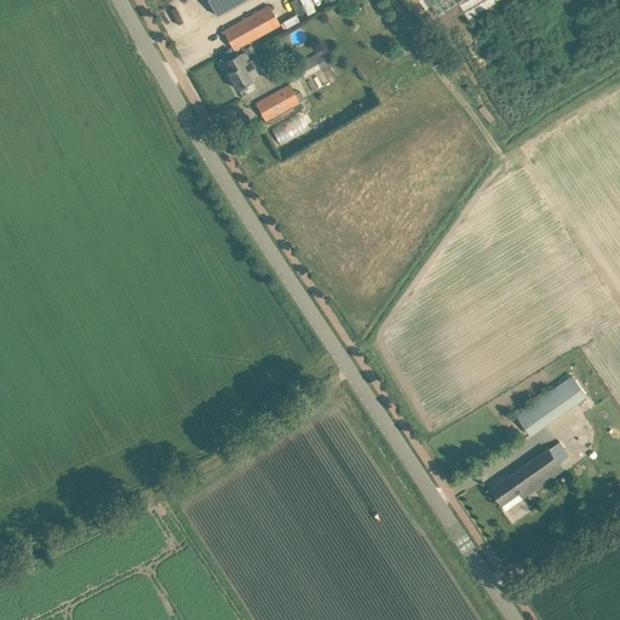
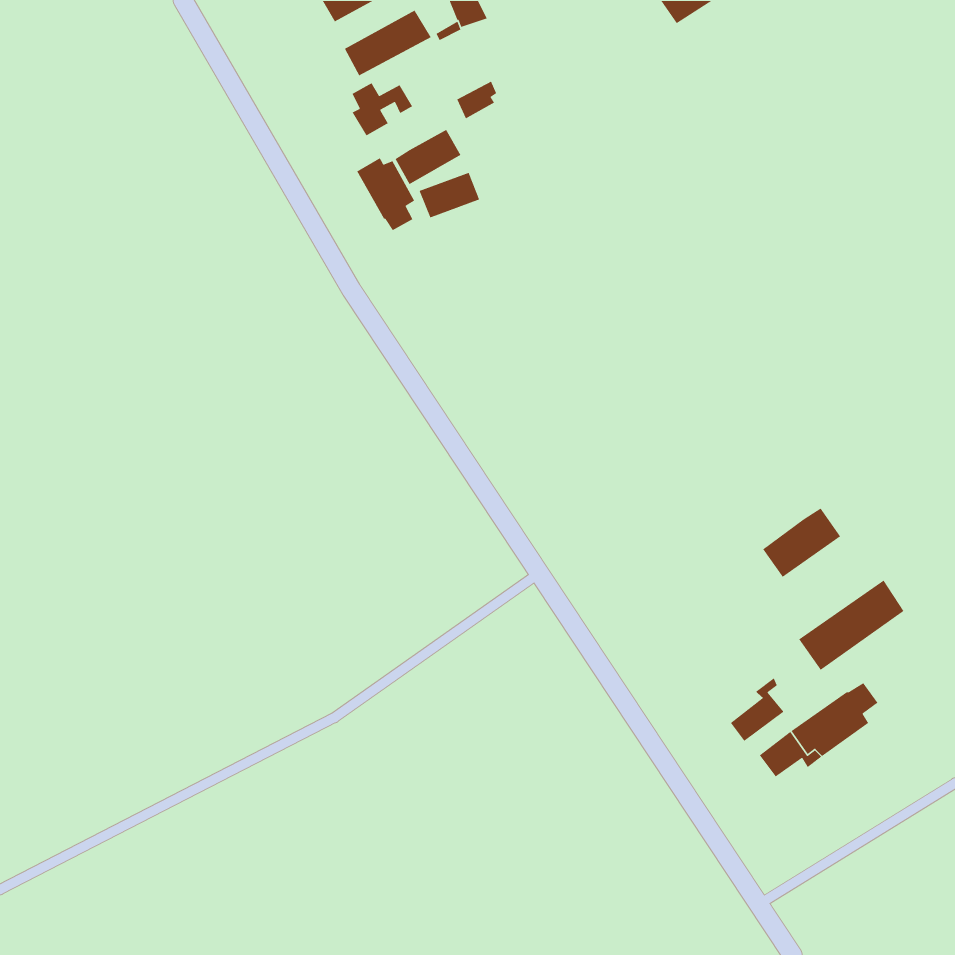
building: none -> [356,157,415,231]
building: none -> [762,507,841,578]
building: none -> [730,677,785,742]

